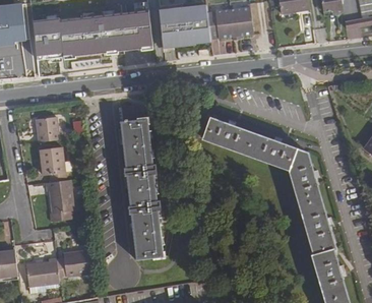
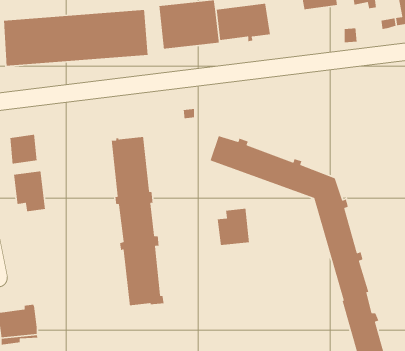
building: none -> [217,208,250,246]
building: [46,179,74,222] -> none
building: [57,249,97,277] -> none

